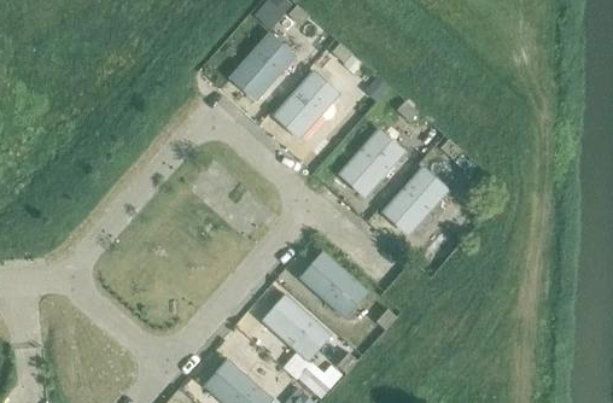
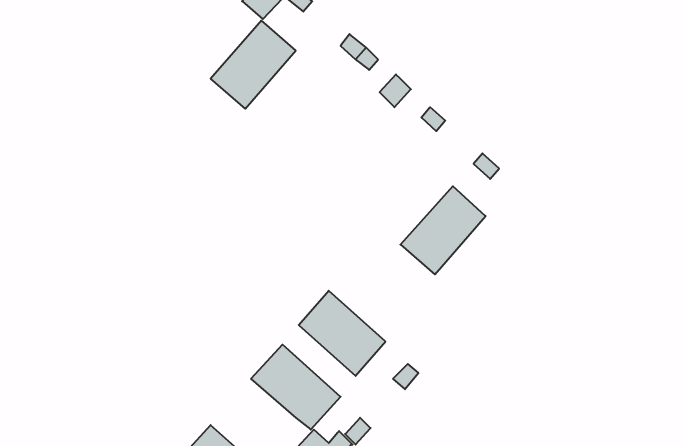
building: [272,62,348,140] -> none
building: [337,128,407,199] -> none

